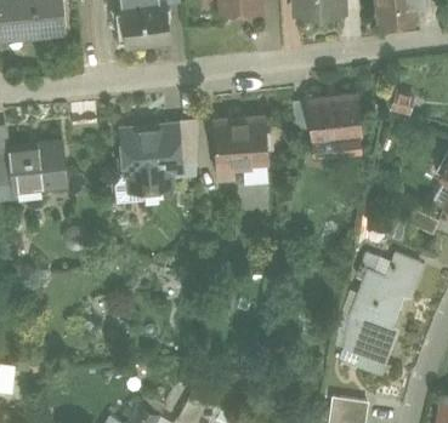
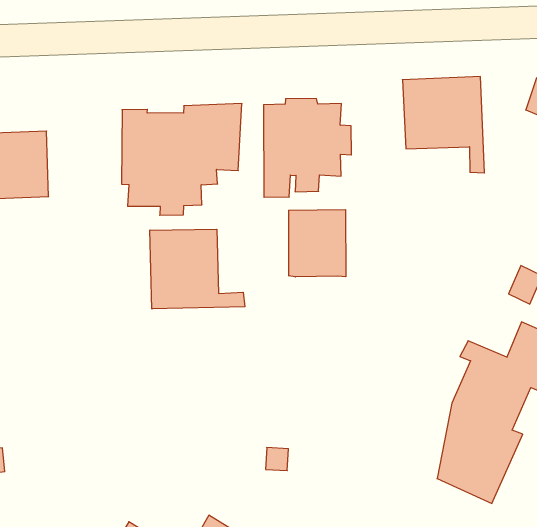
building: none -> [289,210,346,277]
building: none -> [150,229,245,309]

